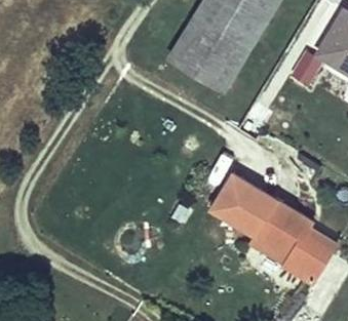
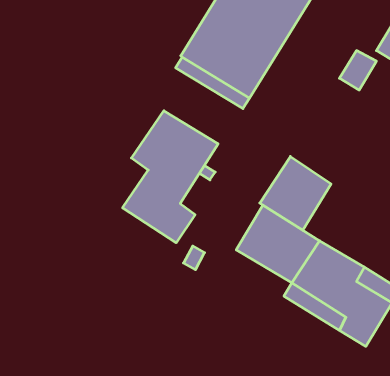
building: none -> [123,111,218,243]
building: none -> [260,156,331,230]

